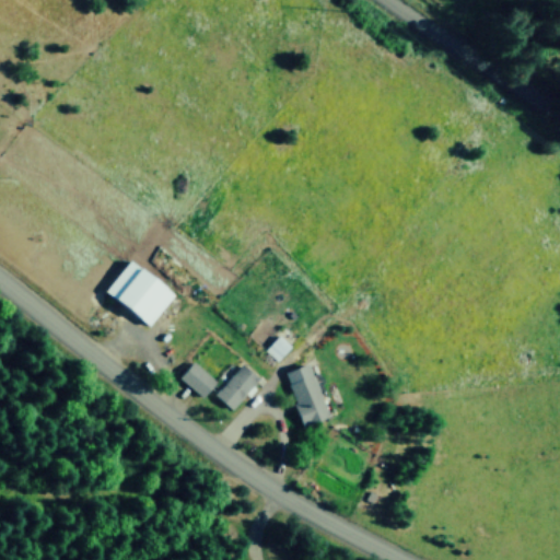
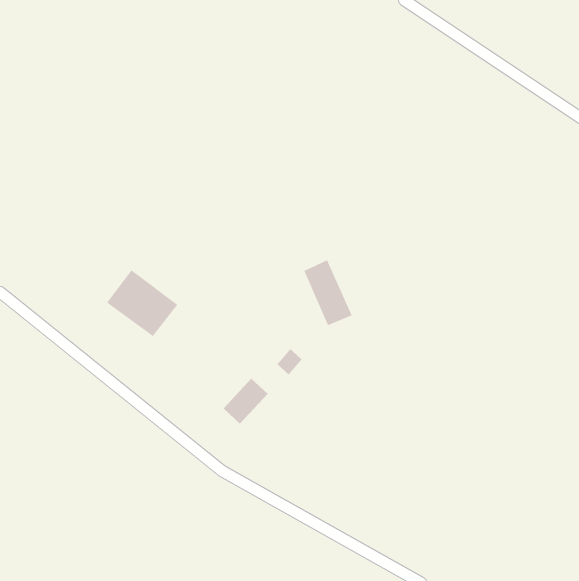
building: [182,361,219,397] -> none
building: [285,363,332,427] -> [303,260,353,326]

